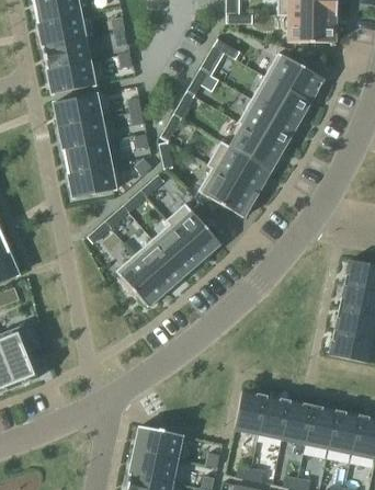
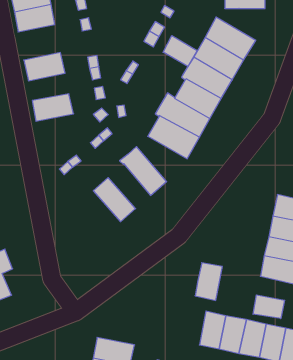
building: [47,61,95,94] -> none
building: none -> [163,36,197,66]
building: [59,118,106,150] -> none
building: [68,166,116,198] -> none
building: [152,224,202,276] -> none
building: [116,255,167,308] -> none
building: none -> [253,295,285,319]
building: [235,391,266,435] -> [195,263,222,300]

